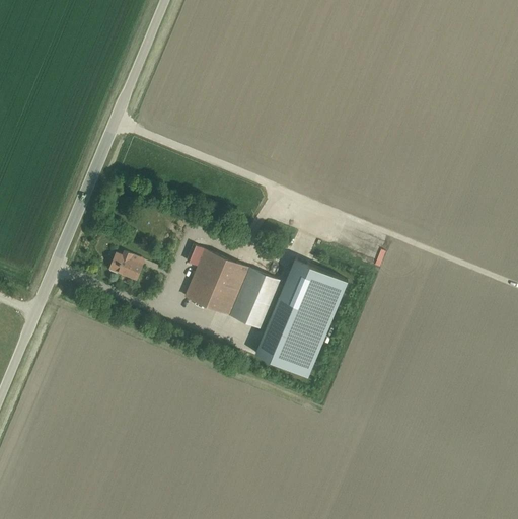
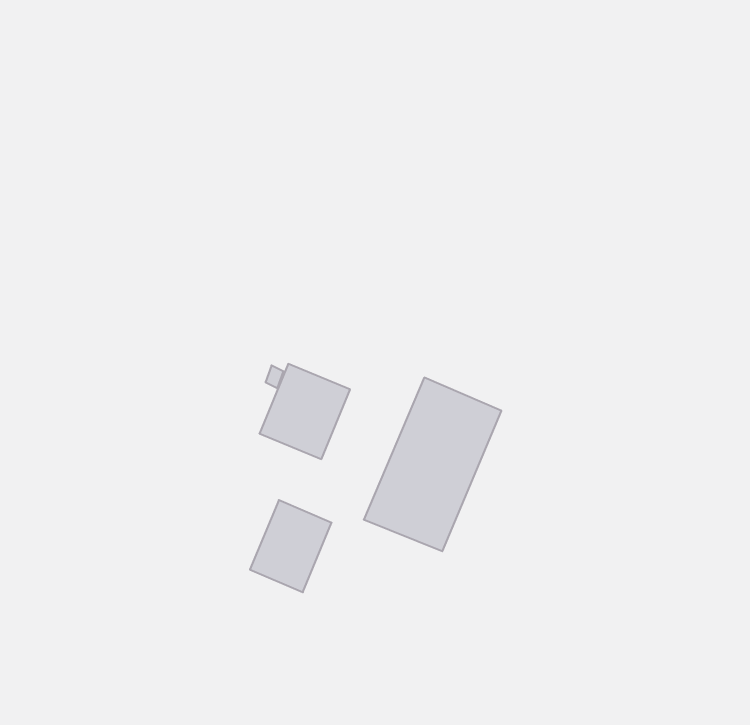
building: [108,251,142,280] -> none
building: [226,267,281,328] -> [250,500,332,592]

